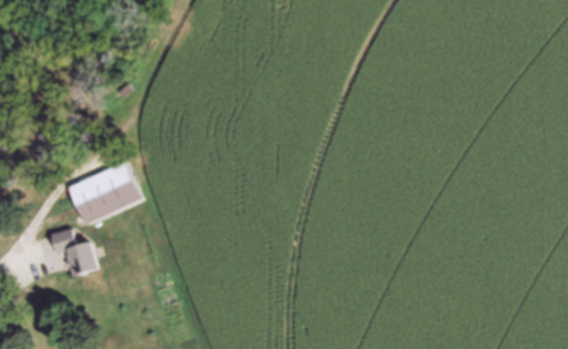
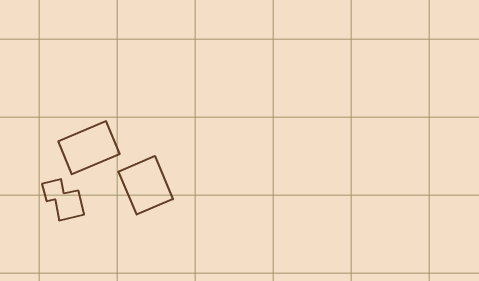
building: none -> [119,156,173,215]

